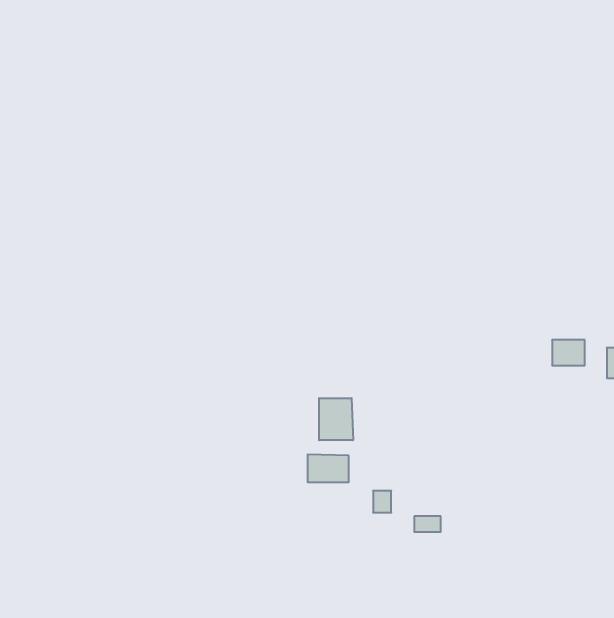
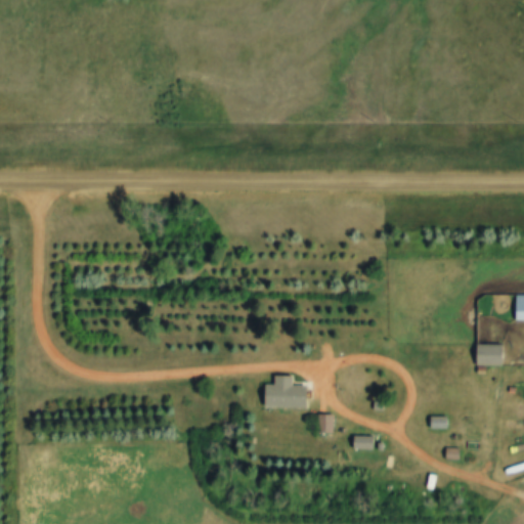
building: [552,340,585,365] -> [476,343,504,364]
building: [319,398,353,440] -> none

